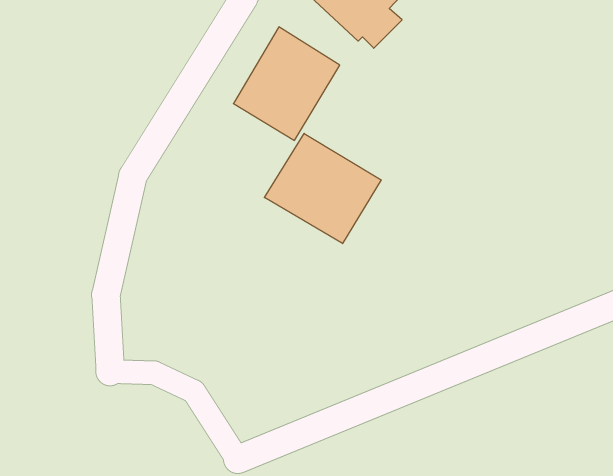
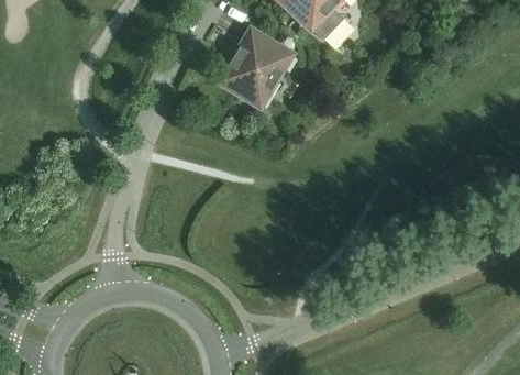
building: [264,133,381,244] -> none

